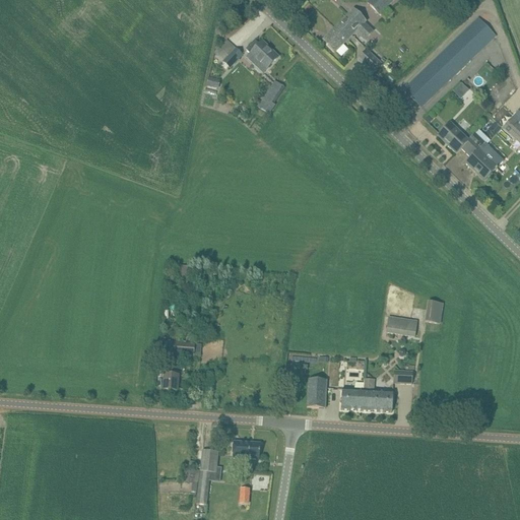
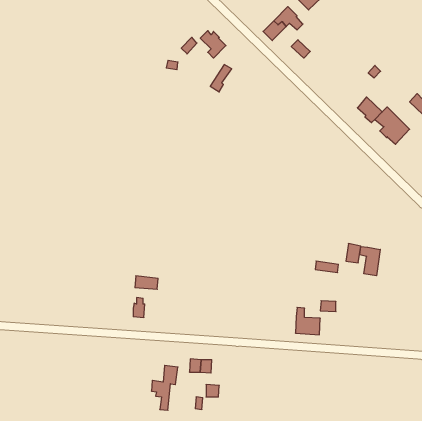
building: [405,16,497,106] -> none
building: none -> [360,247,380,276]
building: [308,377,328,406] -> none
building: [341,387,365,408] -> none

